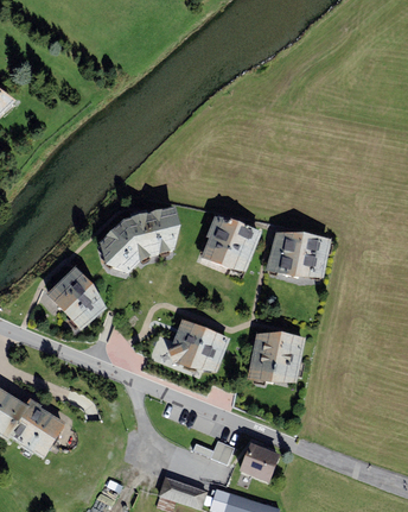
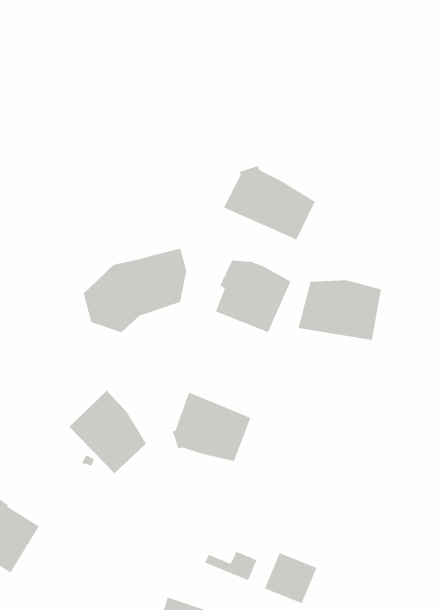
building: none -> [223,165,316,241]
building: [45,265,106,330] -> [68,390,147,474]
building: [247,330,305,380] -> none

